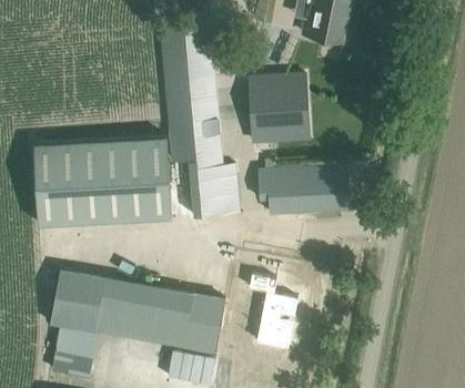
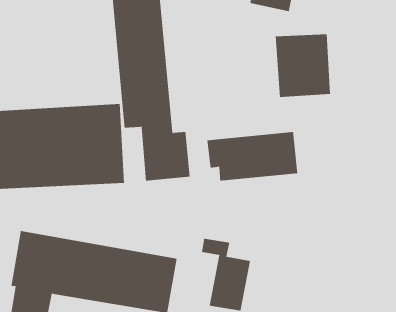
building: [250,78,307,143] -> [275,34,331,98]

